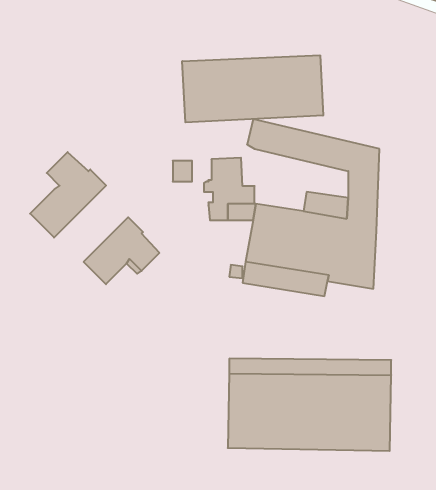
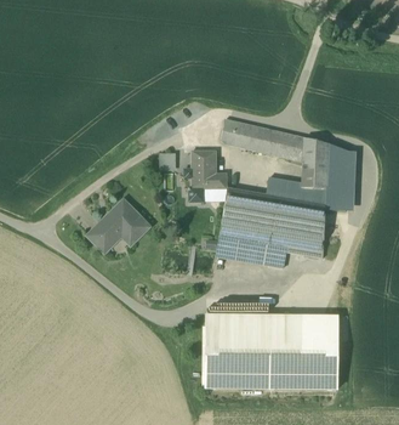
building: [182,55,323,122] -> none
building: none -> [325,142,355,210]
building: [30,152,106,238] -> none

